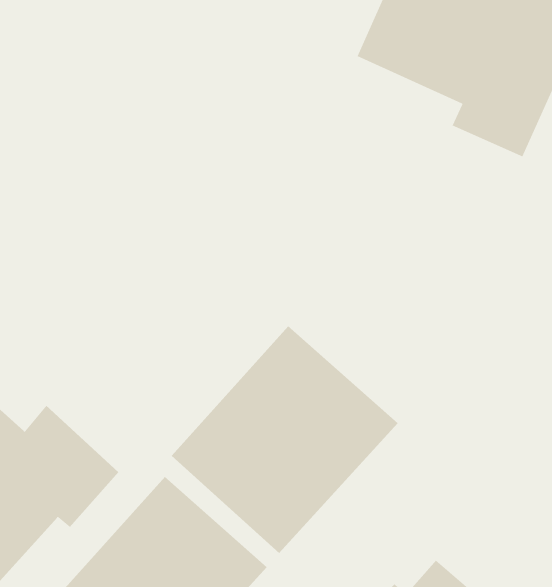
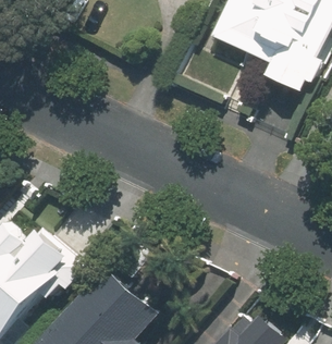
building: [171,326,398,554] -> none

